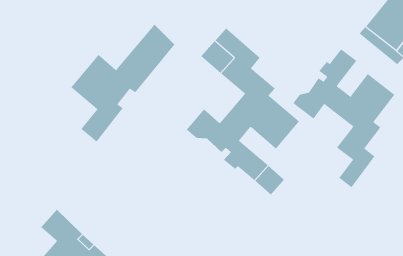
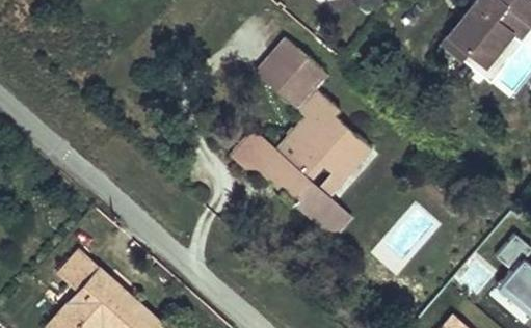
building: [71,24,175,142] -> none
building: [292,48,395,188] -> none

